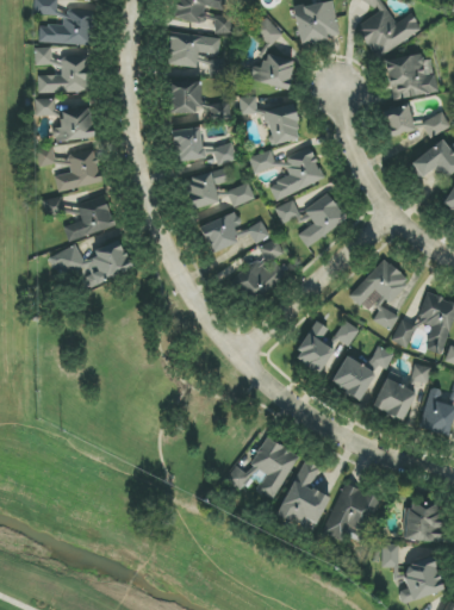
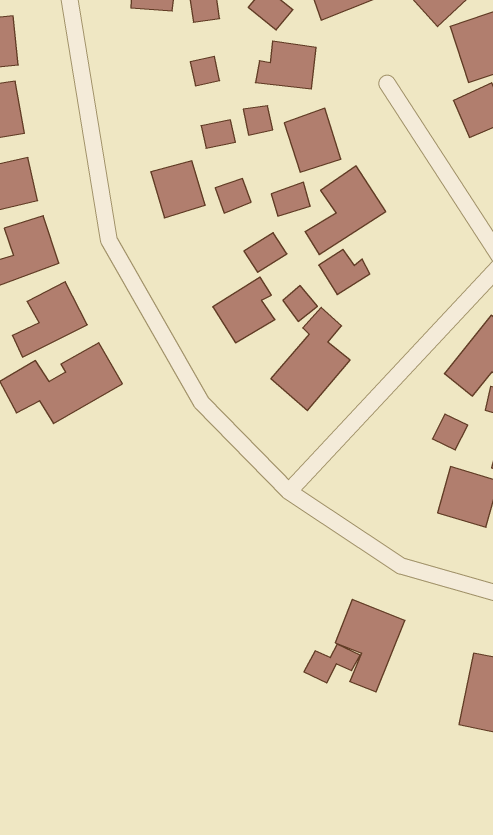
building: [168,32,220,68] -> none
building: [170,81,201,112] -> none
building: [184,168,228,210] -> none
building: [298,192,348,248] -> none
building: [293,320,336,374] -> none
building: [276,460,331,530] -> none

